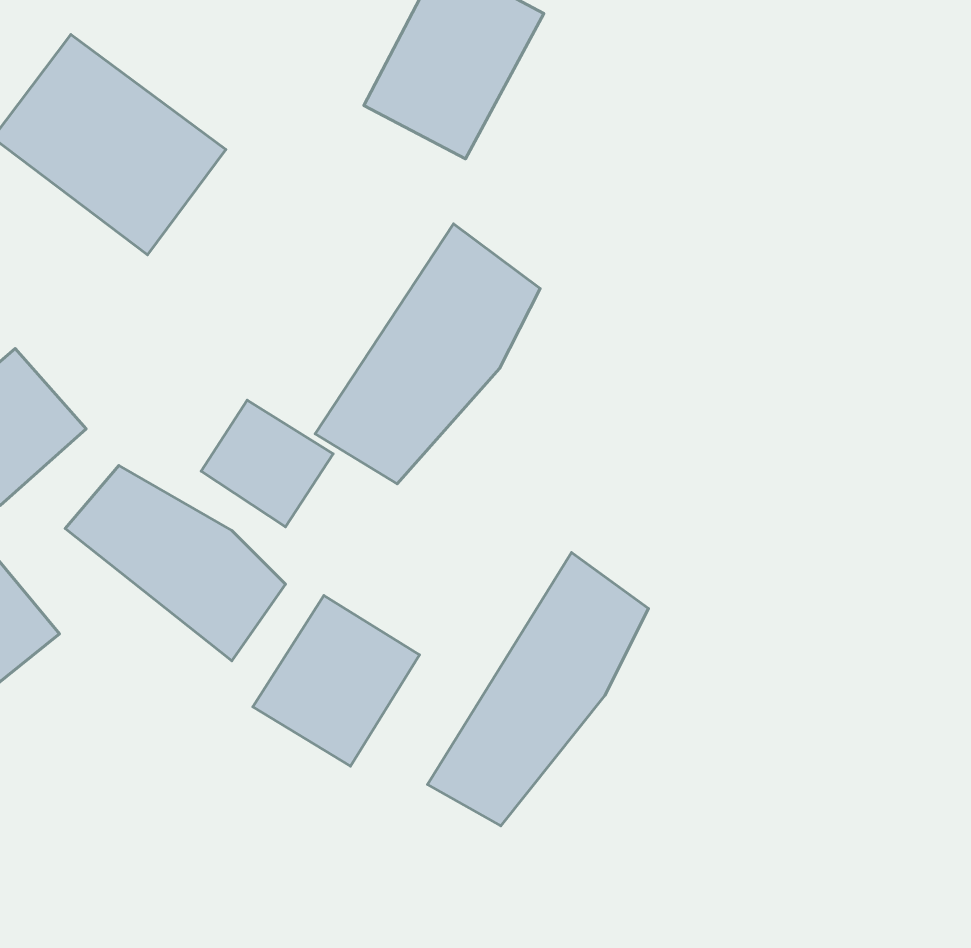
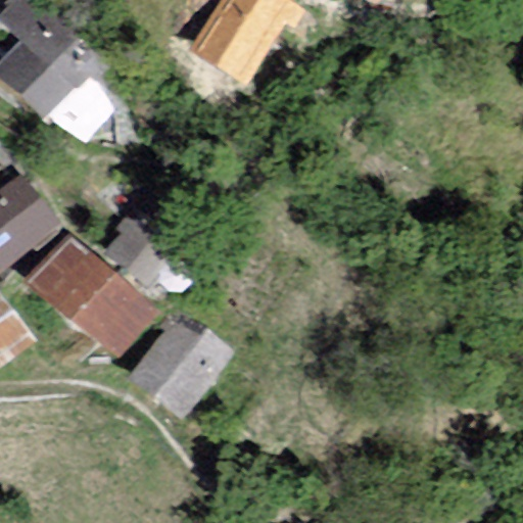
building: [315,224,540,484] -> none
building: [428,552,648,826] -> none

